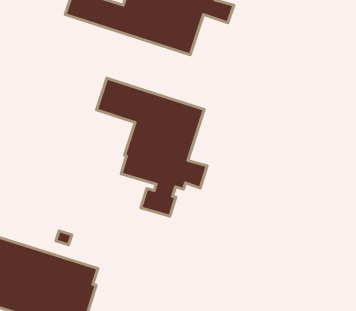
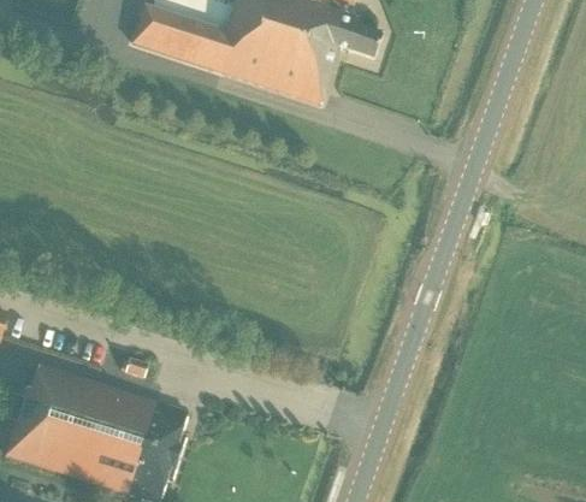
building: [97,78,207,216] -> none

